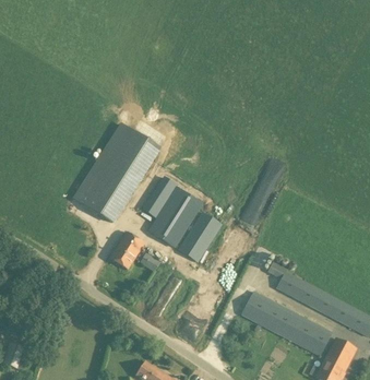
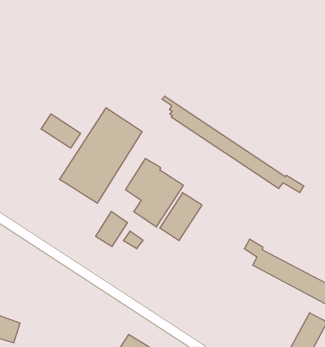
building: none -> [162,96,304,193]
building: none -> [41,114,80,148]
building: [241,290,333,355] -> none

